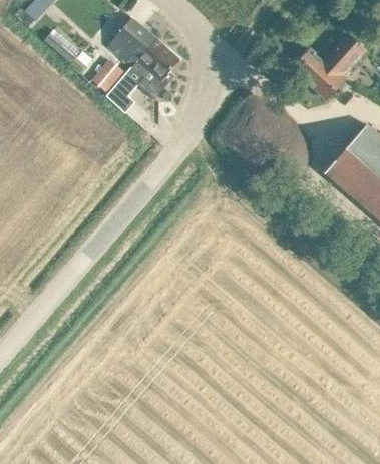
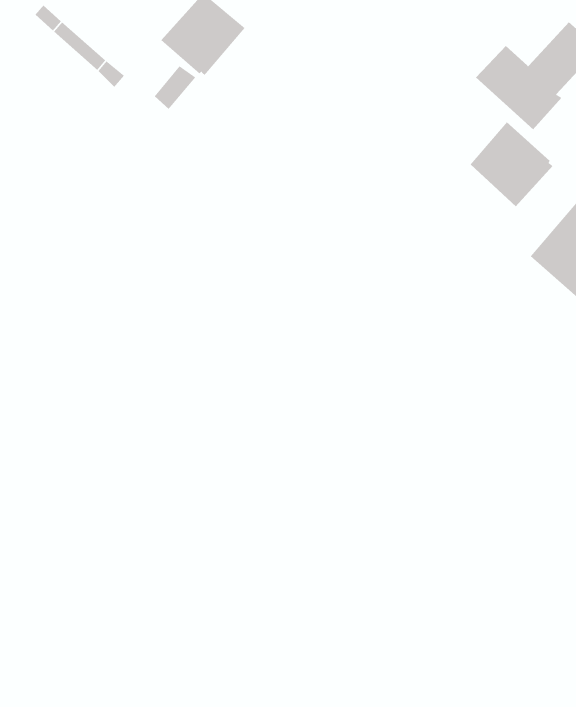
building: [106,38,180,112] -> none
building: none -> [470,121,553,207]

